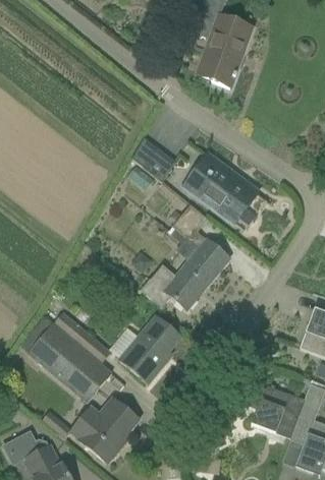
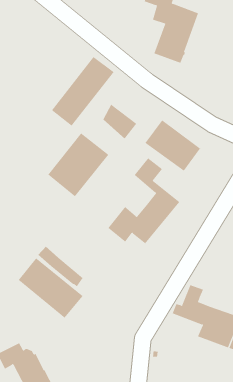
building: none -> [51,56,115,126]
building: none -> [47,133,109,197]
building: [120,314,181,382] -> none
building: [52,398,140,462] -> none

